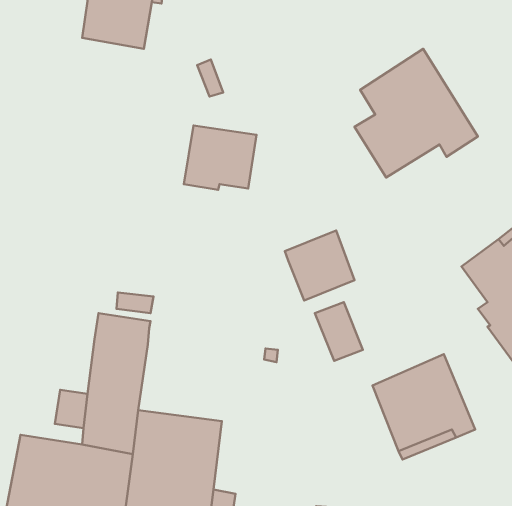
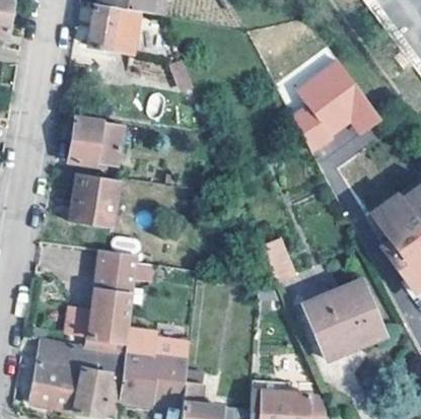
building: [184,125,256,190] -> [69,119,123,166]
building: none -> [70,172,120,228]
building: [285,231,354,300] -> none

